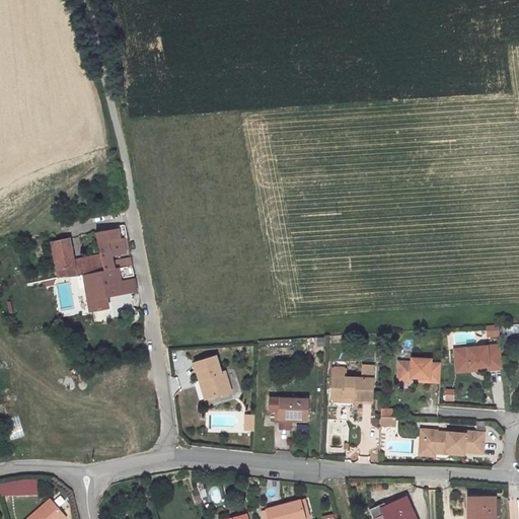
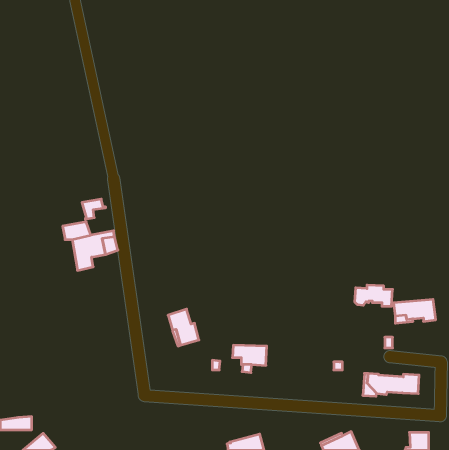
building: [51,238,75,278] -> none
building: [98,238,131,271] -> none
building: [396,358,440,382] -> [355,285,393,306]
building: [330,366,373,400] -> none

